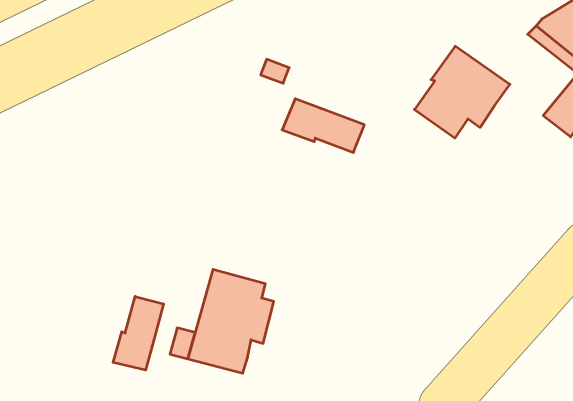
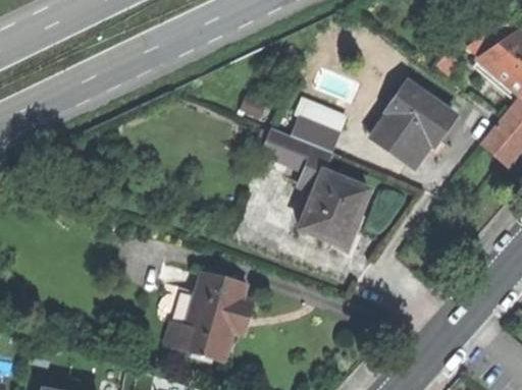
building: none -> [294,113,338,148]
building: none -> [301,168,368,242]
building: [113,296,164,370] -> none

